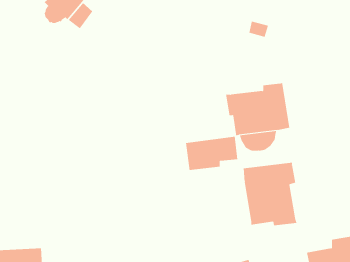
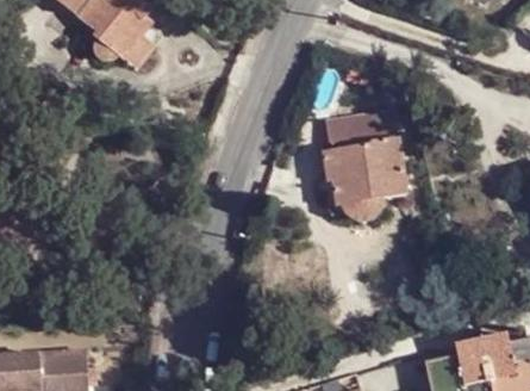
building: [185,136,238,171] -> [325,110,393,154]
building: [243,162,297,226] -> none

